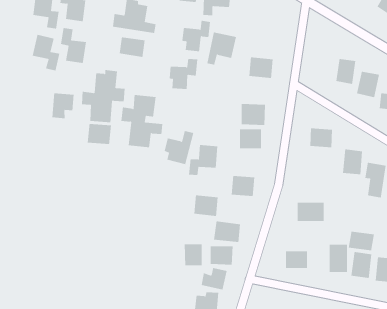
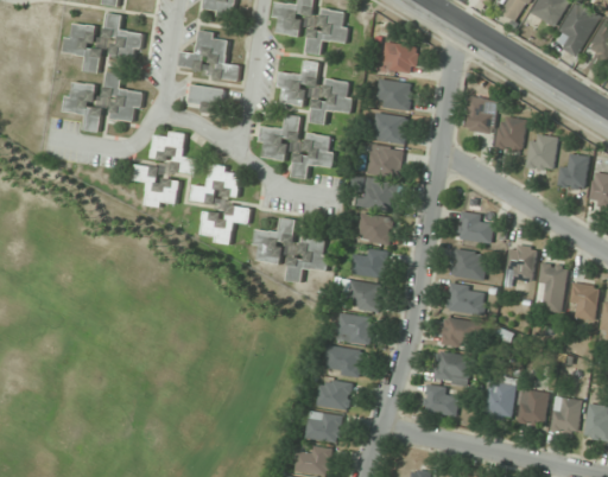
building: none -> [380,42,418,76]
building: none -> [375,80,412,109]
building: none -> [466,98,490,132]
building: none -> [292,133,335,179]
building: none -> [367,147,401,177]
building: [52,93,74,119] -> none
building: [87,123,112,145] -> none
building: none -> [450,248,487,280]
building: none -> [350,249,387,279]
building: none -> [445,282,486,316]
building: [193,195,218,217] -> [336,313,372,344]
building: none -> [433,351,471,386]
building: [348,231,374,251] -> none
building: [184,243,202,266] -> none

